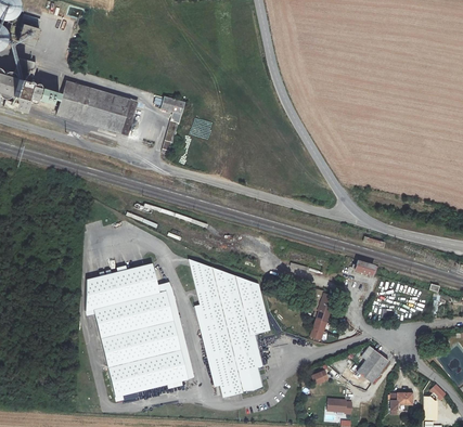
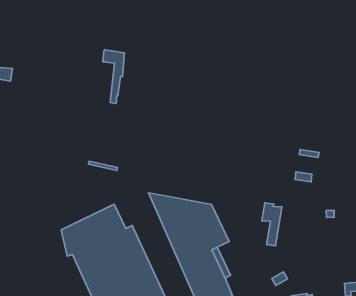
building: [57,79,139,134] -> none
building: [356,346,388,383] -> none

